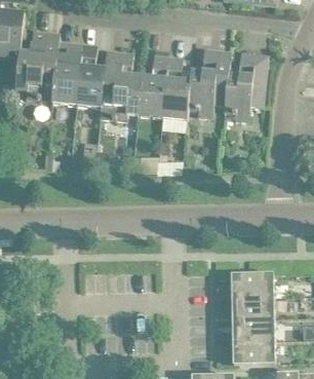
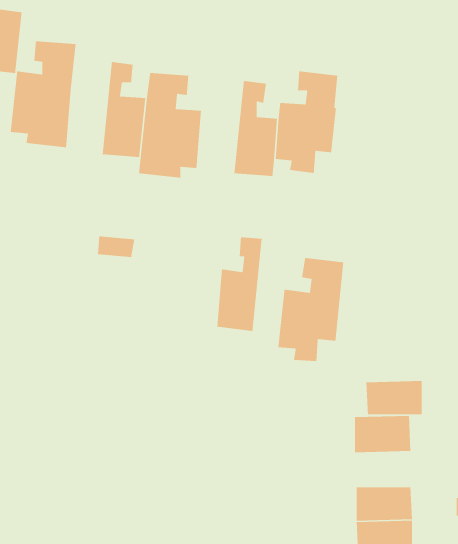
building: [51,42,80,104] -> none
building: [222,52,265,120] -> [277,257,344,362]
building: [135,54,165,116] -> [216,237,263,332]
building: [237,296,274,318] -> [365,380,423,415]

